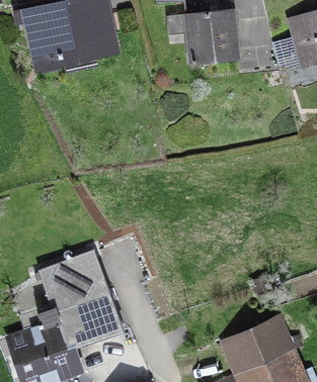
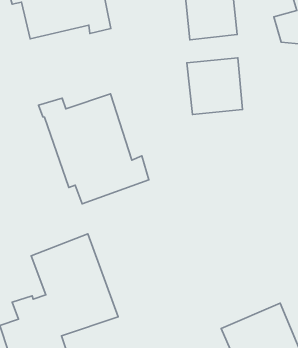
building: none -> [187,58,242,115]
building: none -> [39,94,149,204]

